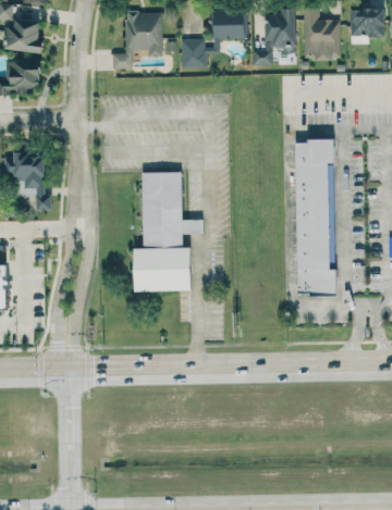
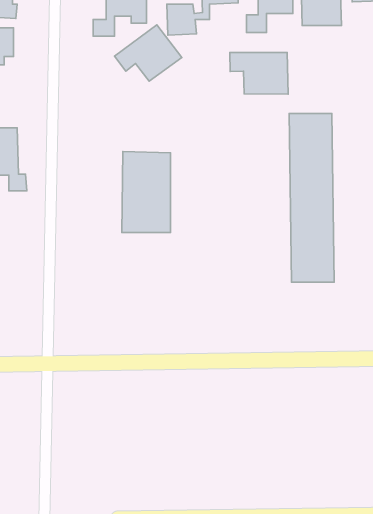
building: none -> [115,25,182,81]
building: none -> [230,53,288,94]
building: [134,251,195,289] -> none

